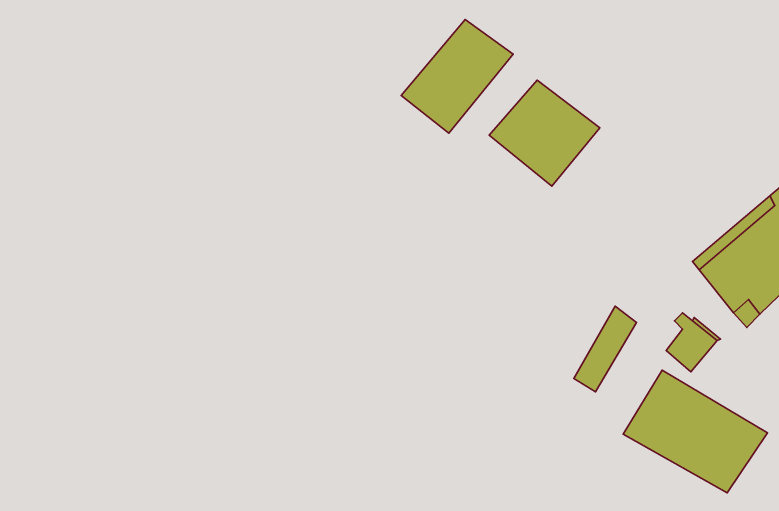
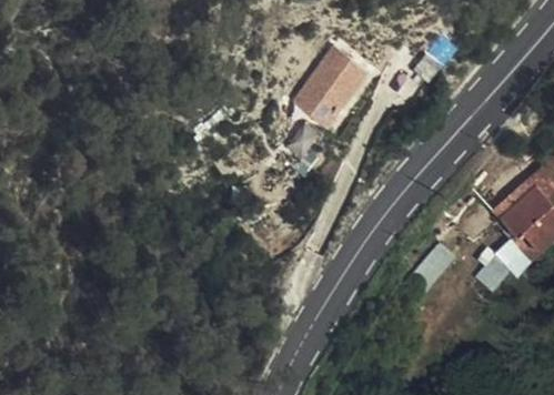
building: [489,80,600,186] -> none
building: [623,370,767,493] -> none

